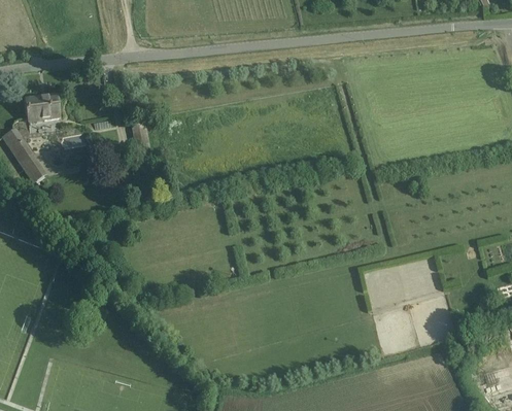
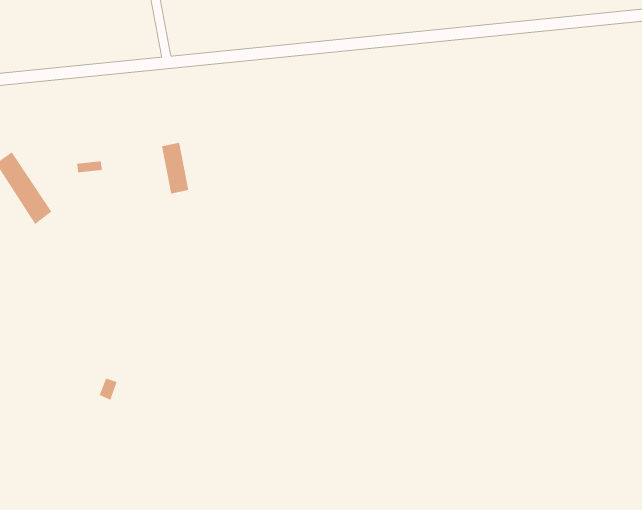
building: [27,94,60,121] -> none

